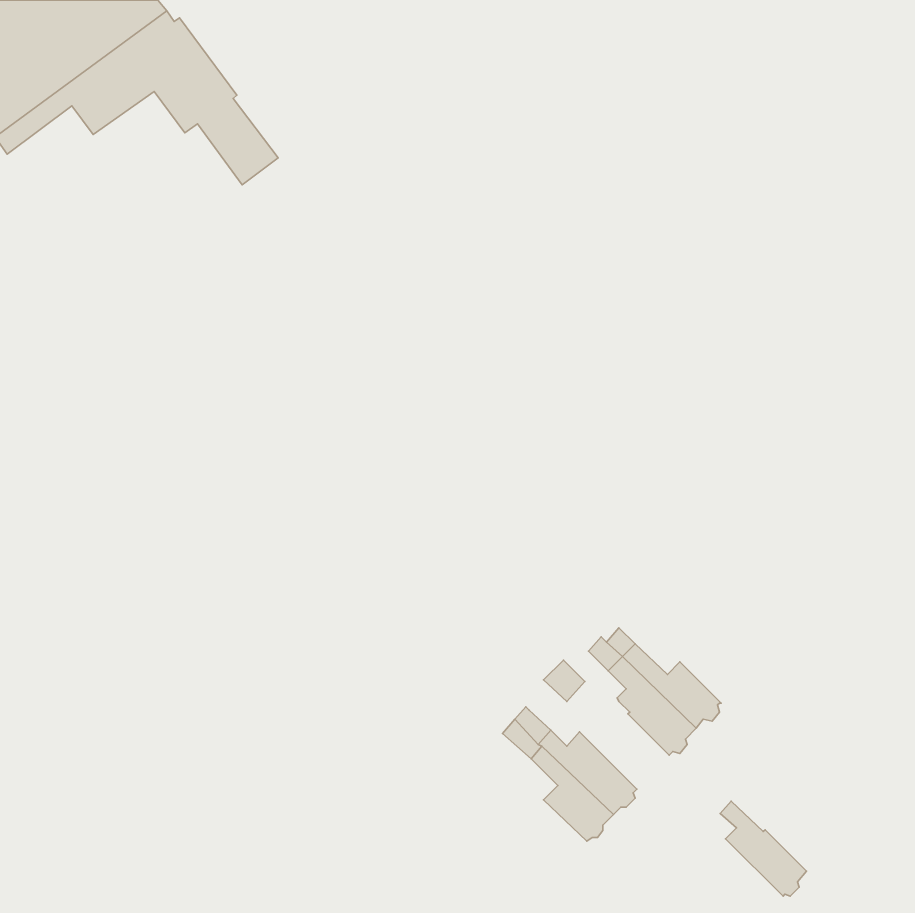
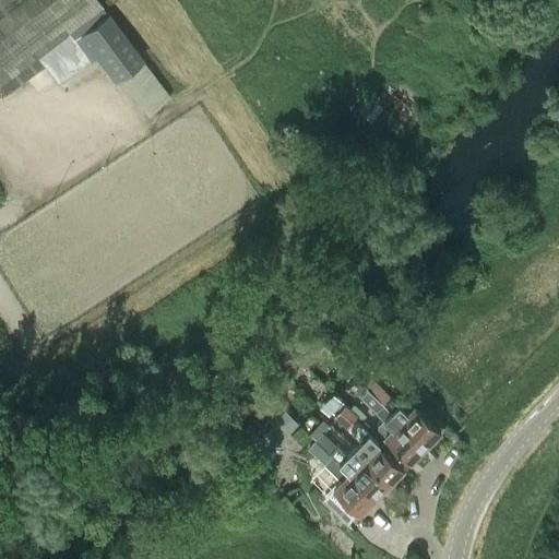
building: [720,801,806,896] -> [349,425,402,483]

